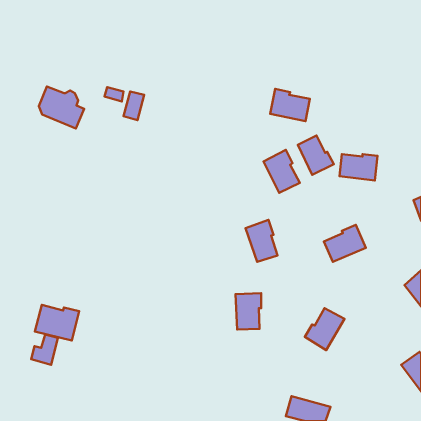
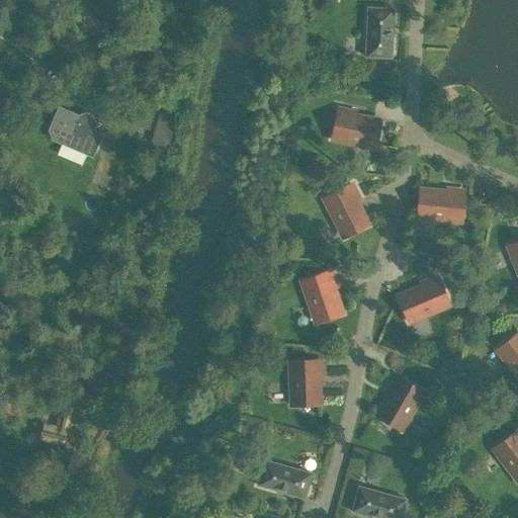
building: none -> [365,8,393,58]
building: [298,136,334,175] -> none
building: [35,305,79,341] -> none
building: none -> [257,460,312,498]

